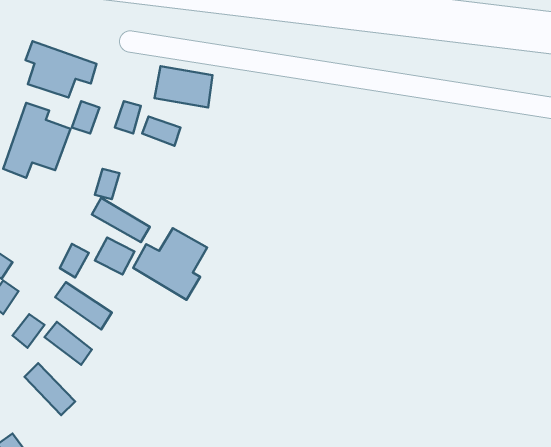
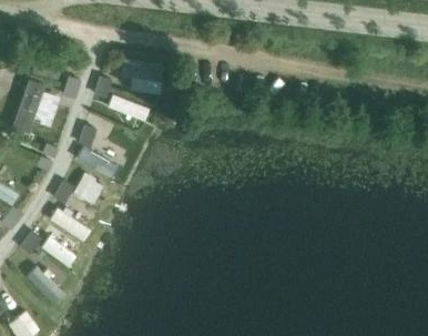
building: [26,41,97,98] -> none
building: [133,228,207,300] -> none

